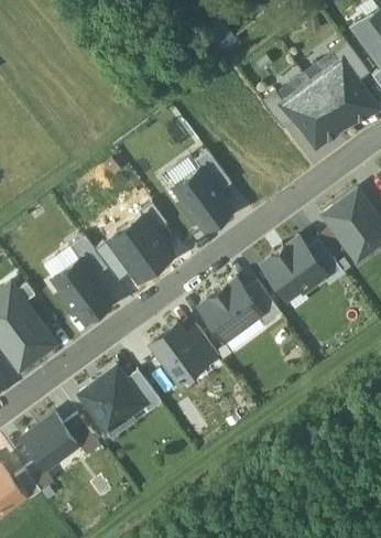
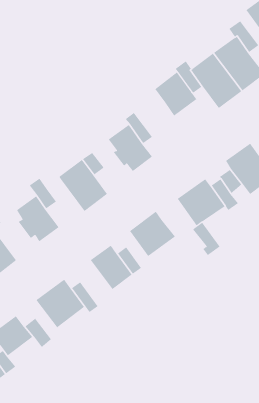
building: none -> [154,71,197,116]
building: [94,240,131,281] -> none
building: [242,282,279,326] -> [192,222,220,256]

